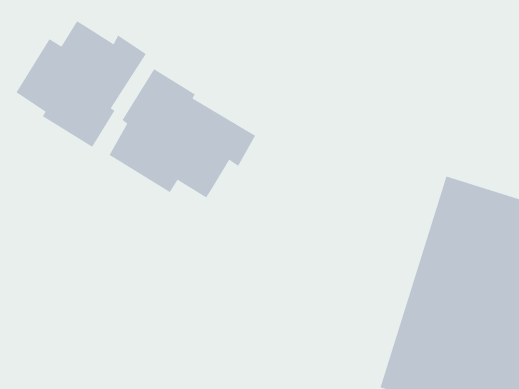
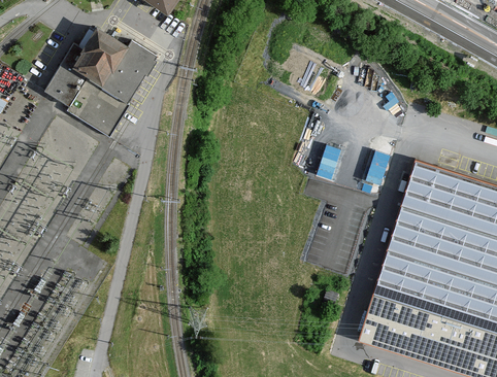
building: [109,68,256,199] -> none

